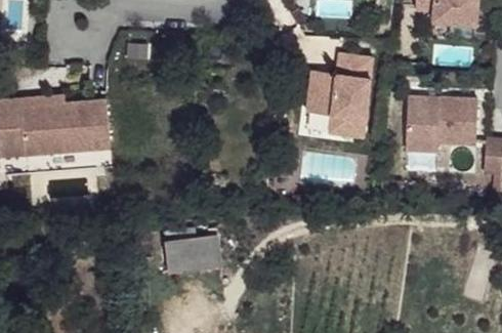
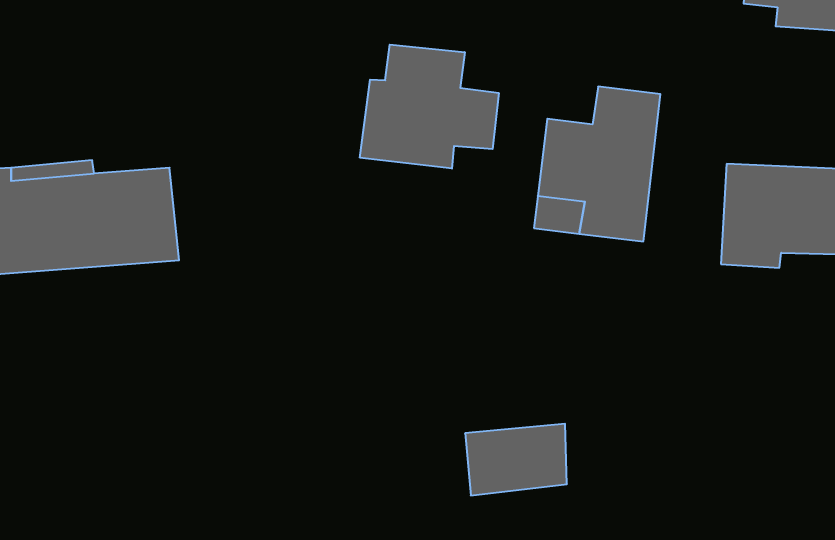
building: none -> [360,45,499,169]
building: [168,234,223,273] -> [465,424,567,495]

